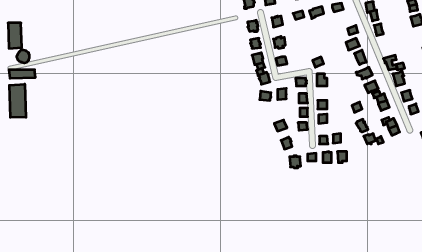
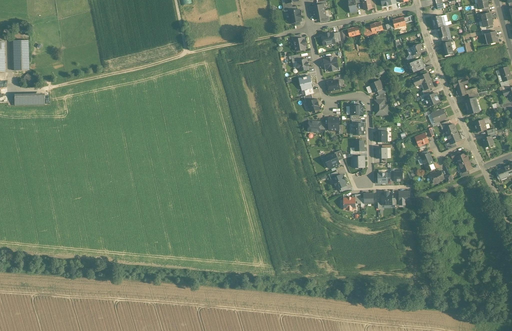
building: [9,84,26,117] -> none

